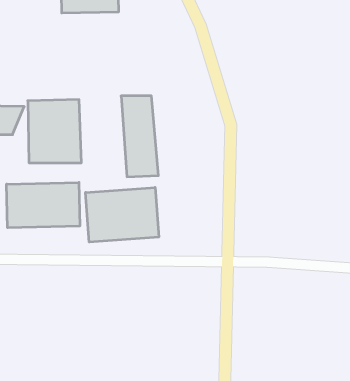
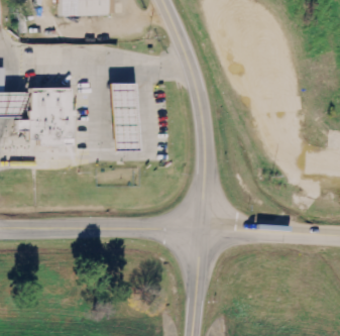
building: [7,182,80,228] -> none
building: [86,187,159,242] -> none

